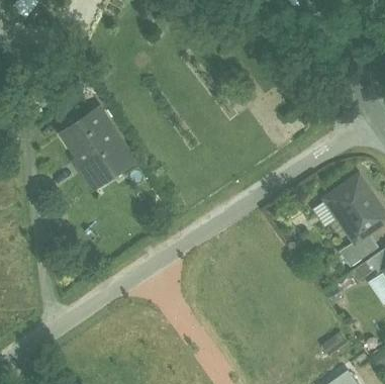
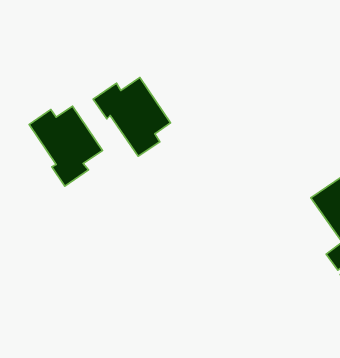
building: none -> [93,77,171,156]

